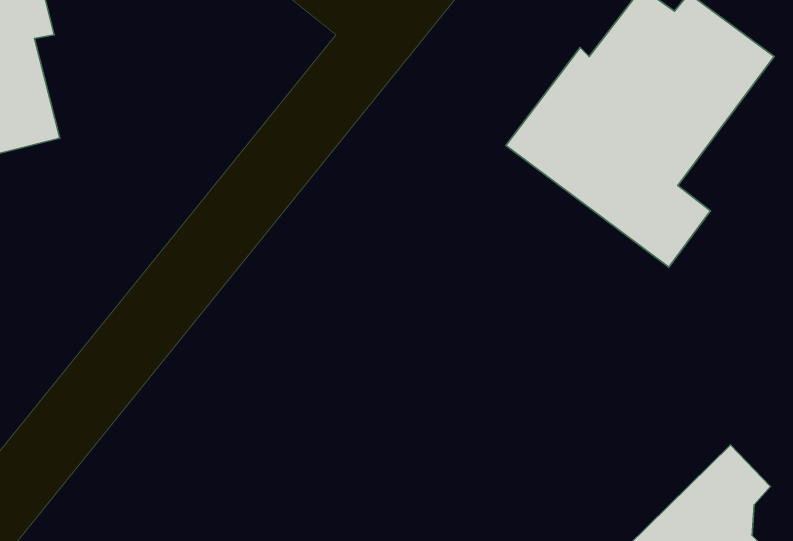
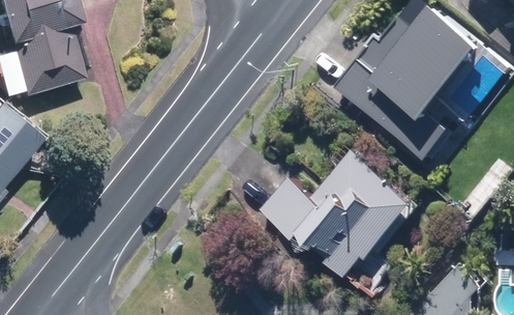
building: none -> [260,148,416,280]

